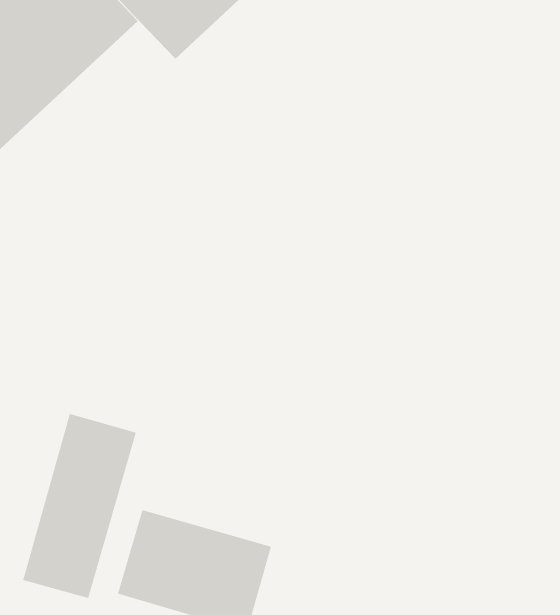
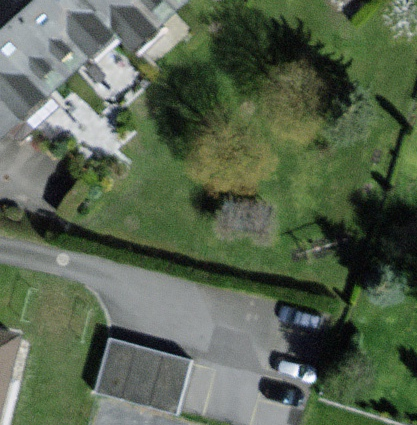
building: [22,413,137,599] -> none

